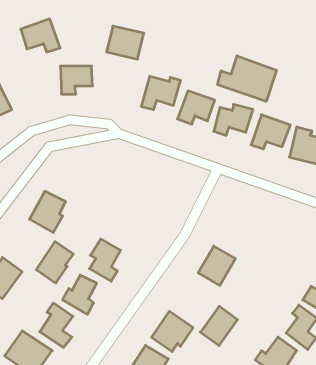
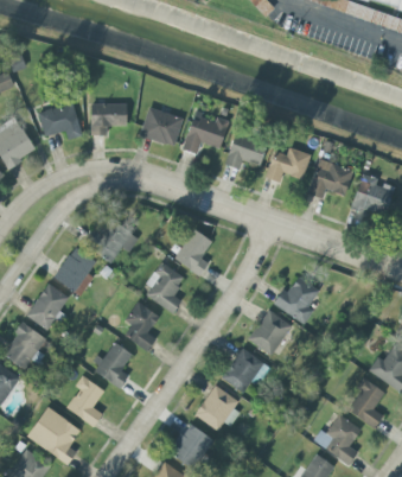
building: [21,19,60,52] -> [38,102,83,140]
building: [107,26,144,59] -> [140,108,183,146]
building: [218,56,276,101] -> none
building: none -> [89,217,139,262]
building: none -> [174,229,212,275]
building: none -> [146,261,185,313]
building: none -> [273,276,319,324]
building: [36,242,73,283] -> [26,284,69,331]
building: [200,306,238,346] -> [222,348,264,393]

